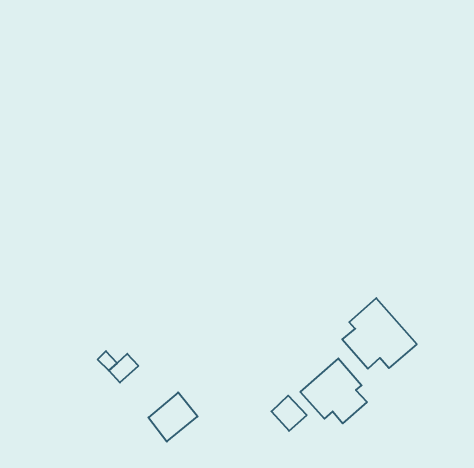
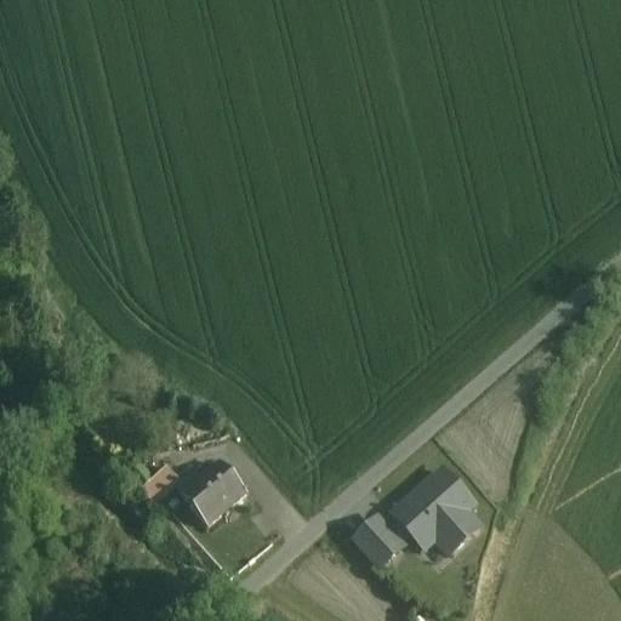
building: [342,298,417,369] -> none
building: [148,392,198,442] -> [182,458,246,523]

